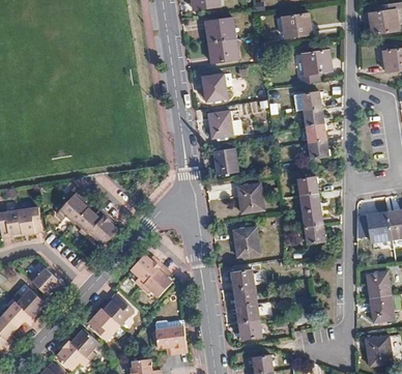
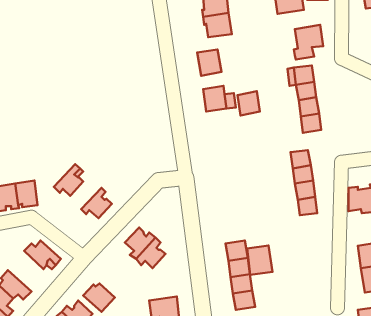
building: [214,148,237,173] -> [238,91,260,115]
building: [237,182,262,212] -> none
building: [74,208,105,236] -> none
building: [233,226,259,256] -> [247,245,272,275]
building: [9,288,41,320] -> none
building: [99,295,132,326] -> none

